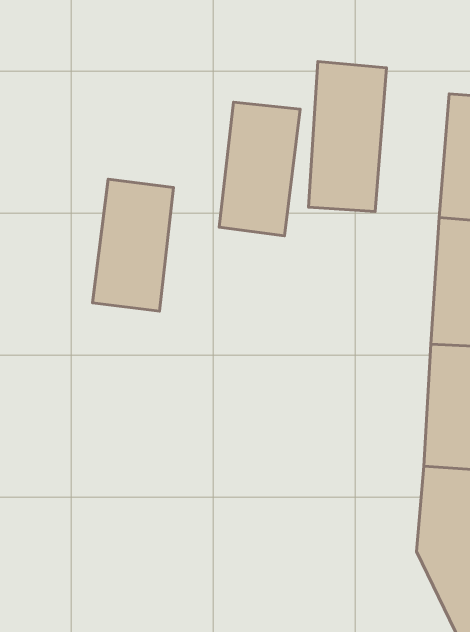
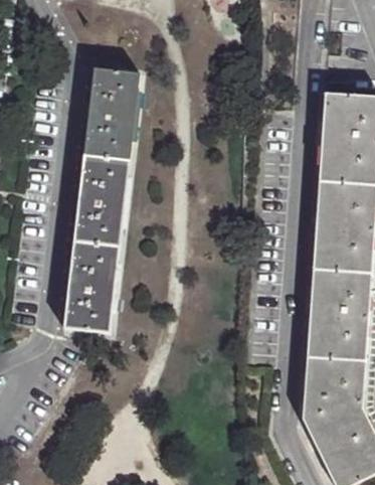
building: [308,61,387,211] -> none
building: [219,102,300,236] -> [83,65,141,160]
building: none -> [62,241,120,332]

